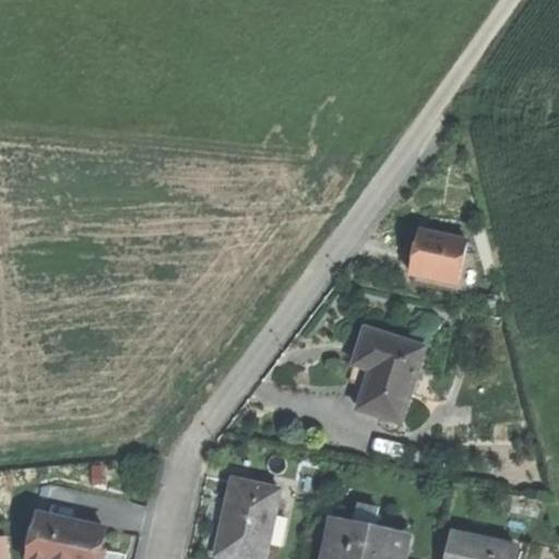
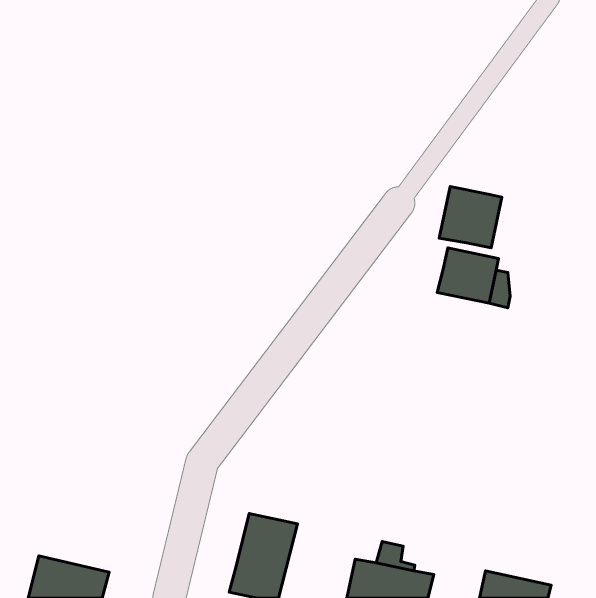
building: none -> [439,187,502,248]
building: [347,332,423,424] -> none

